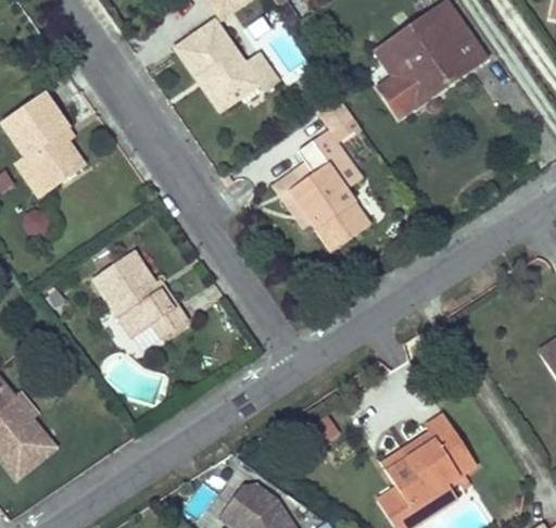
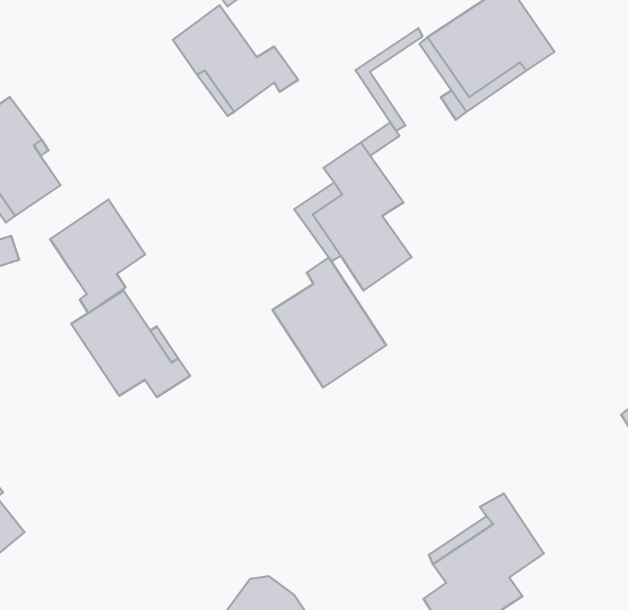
building: none -> [355,28,423,131]
building: none -> [50,199,145,313]
building: none -> [272,258,386,387]

